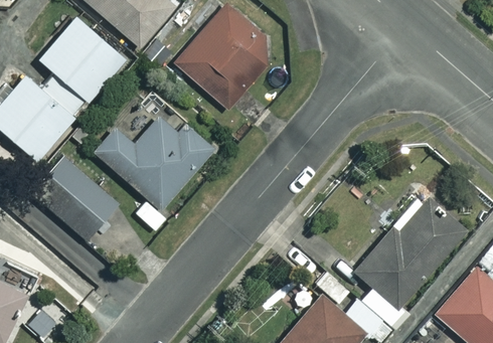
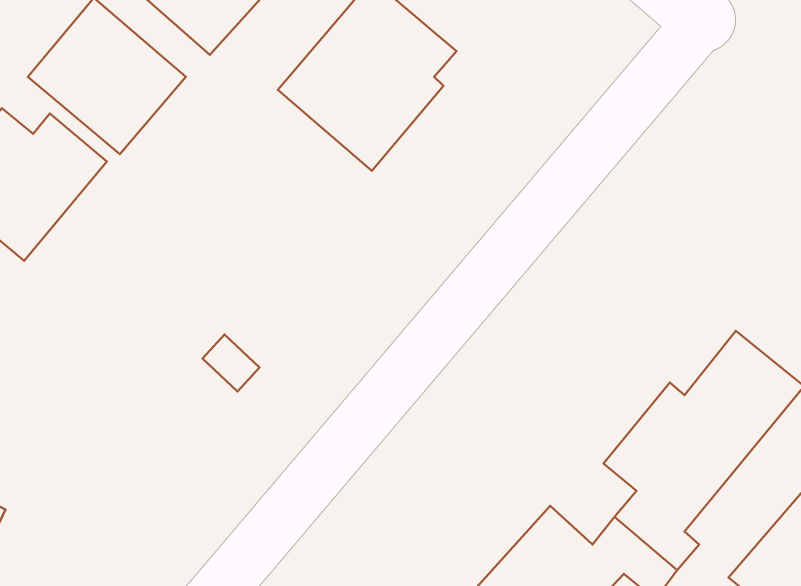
building: [94,106,214,209] -> none
building: [31,160,118,244] -> none

